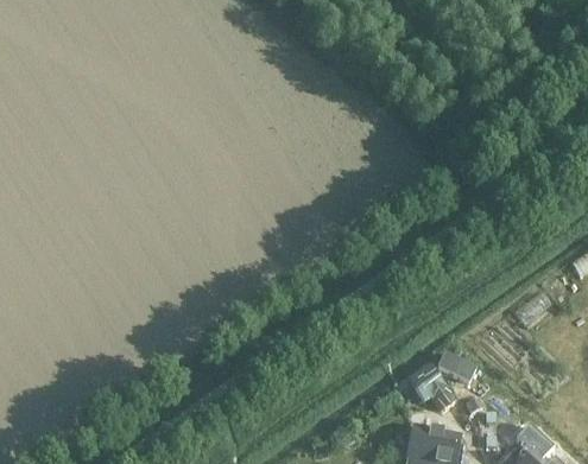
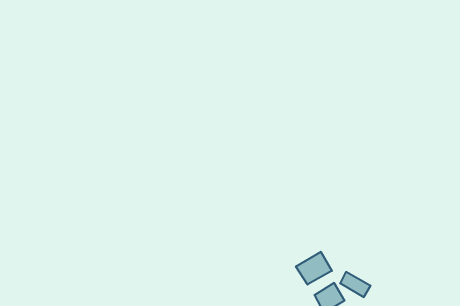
building: none -> [296,252,332,285]

